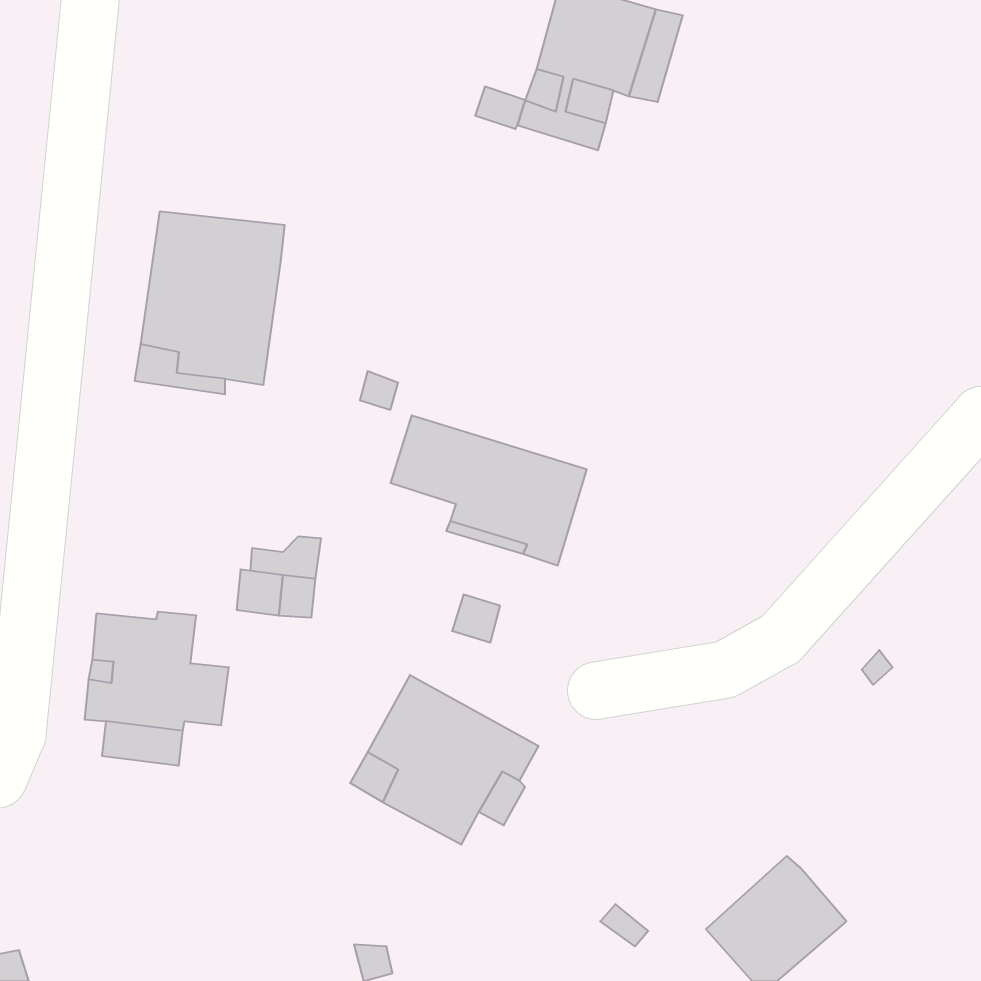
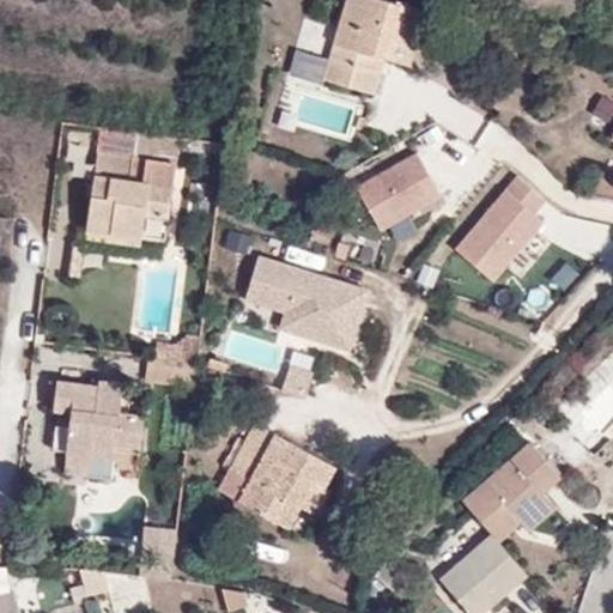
building: none -> [356,154,441,231]
building: none -> [454,178,544,283]
building: none -> [462,442,560,540]

